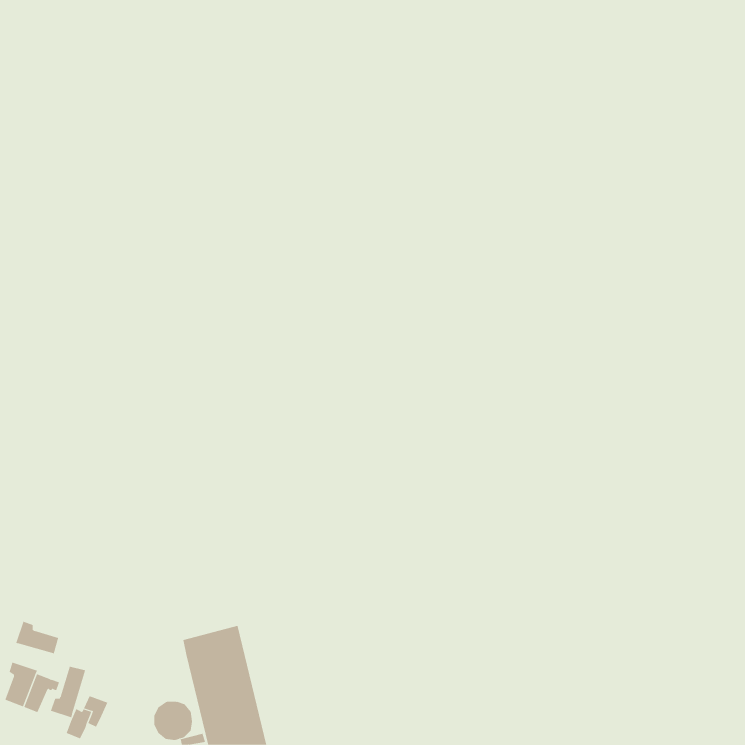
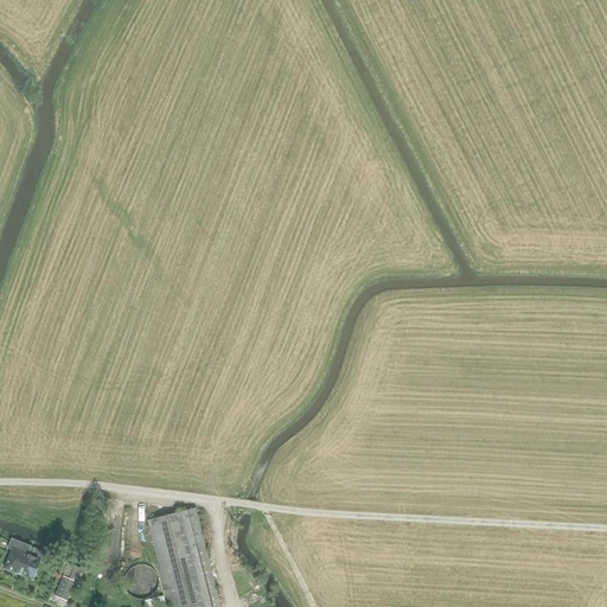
building: [16,621,59,654] -> none
building: [50,666,86,718] -> none

